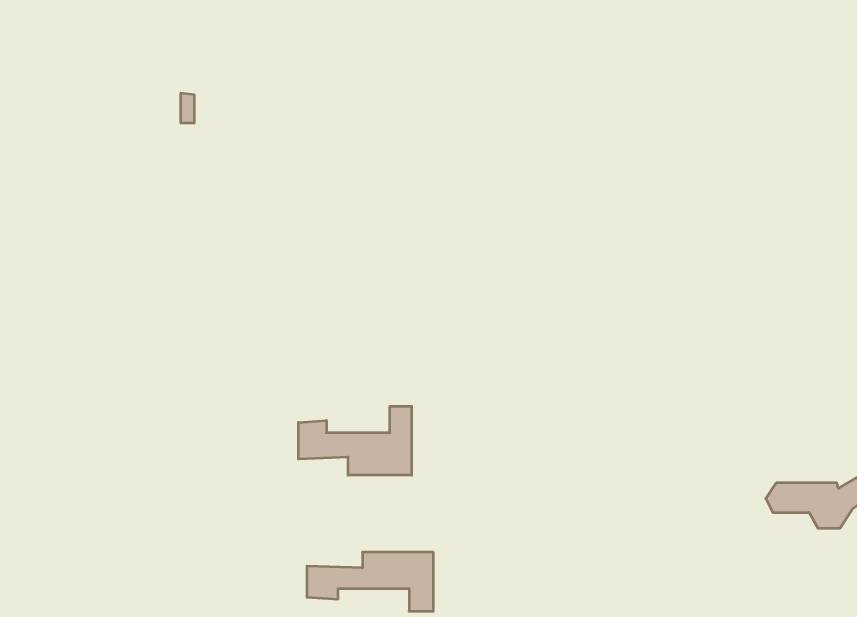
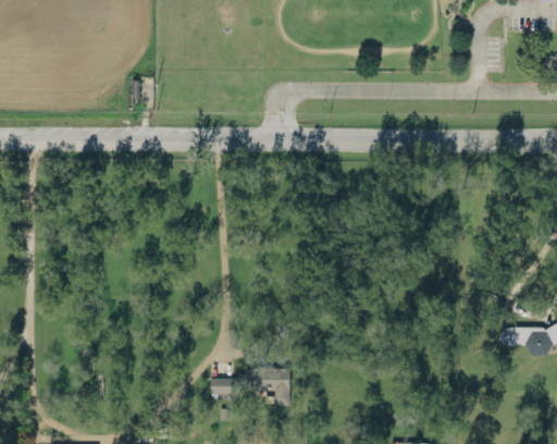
building: [298,406,412,475] -> none

